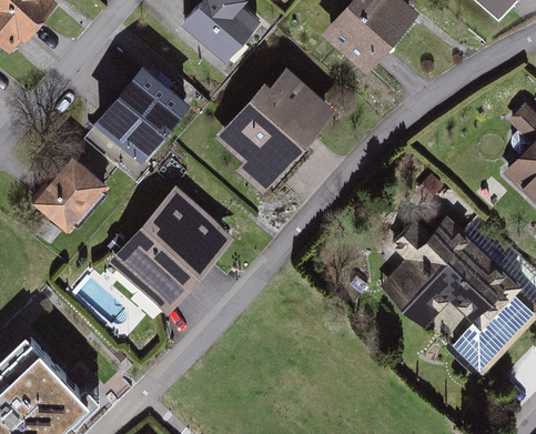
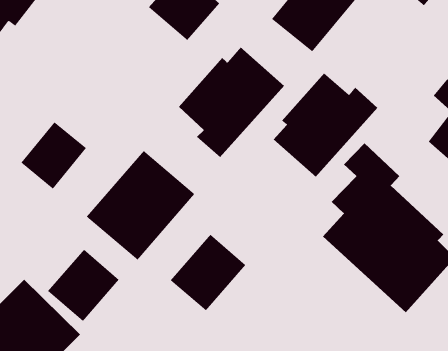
building: [83,64,196,182] -> none
building: none -> [273,73,378,178]
building: none -> [170,234,246,311]
building: none -> [47,249,120,322]

